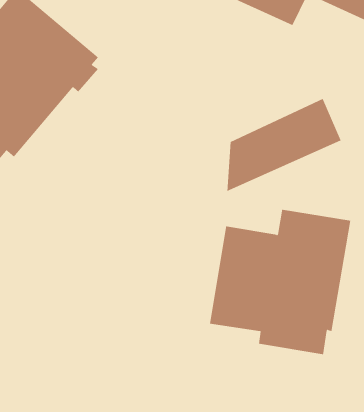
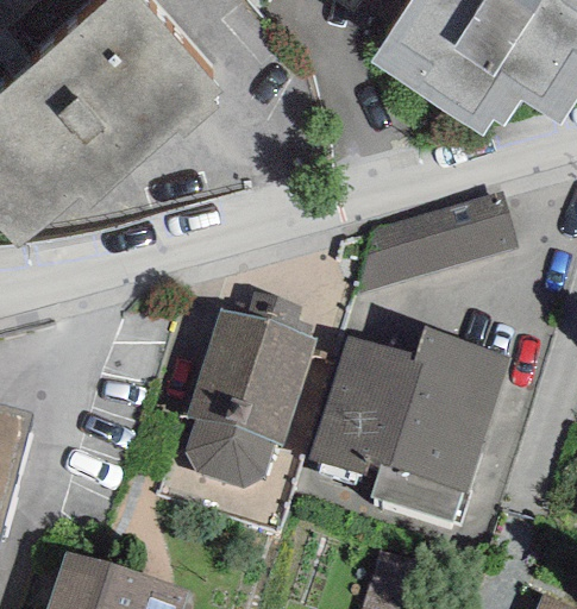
building: none -> [183,293,314,489]

